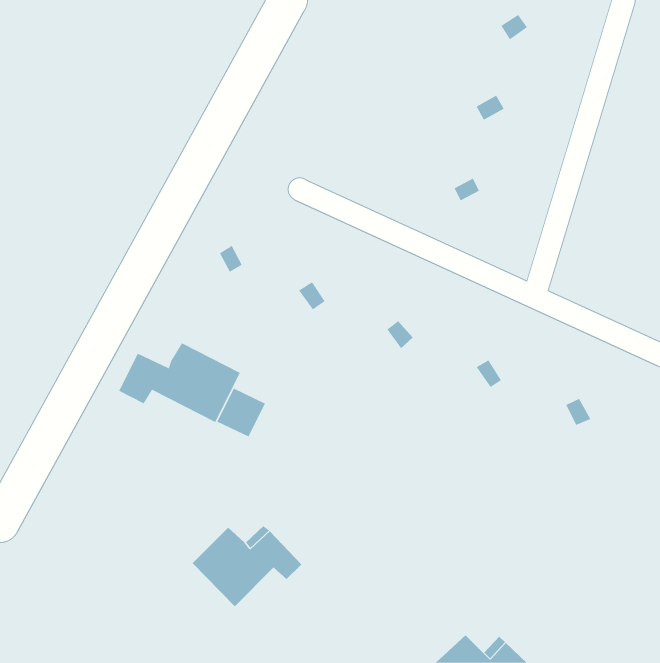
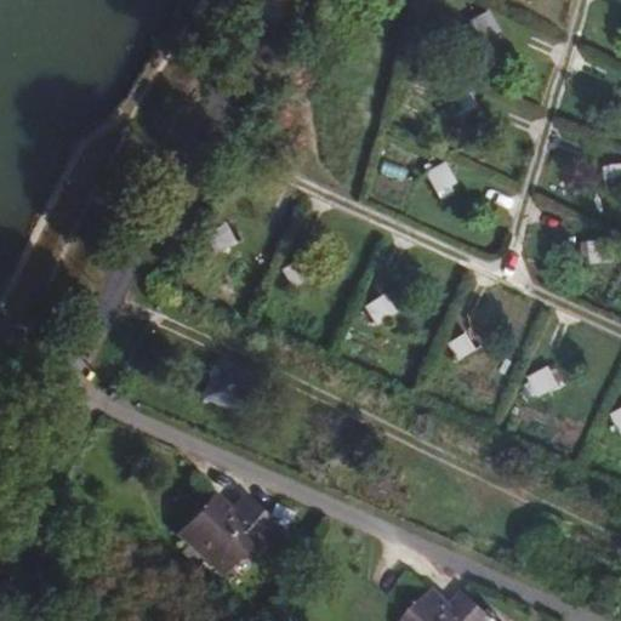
building: [119,342,241,423] -> none

